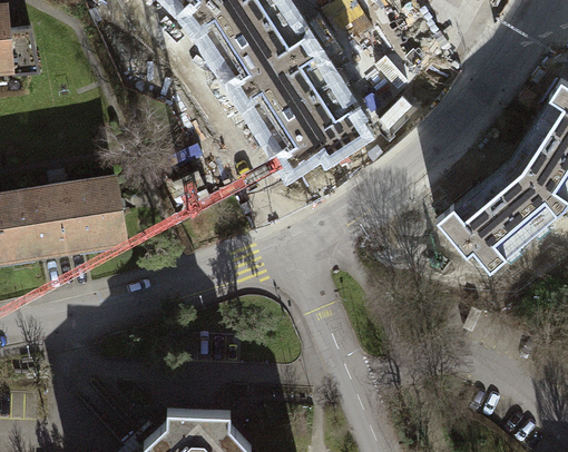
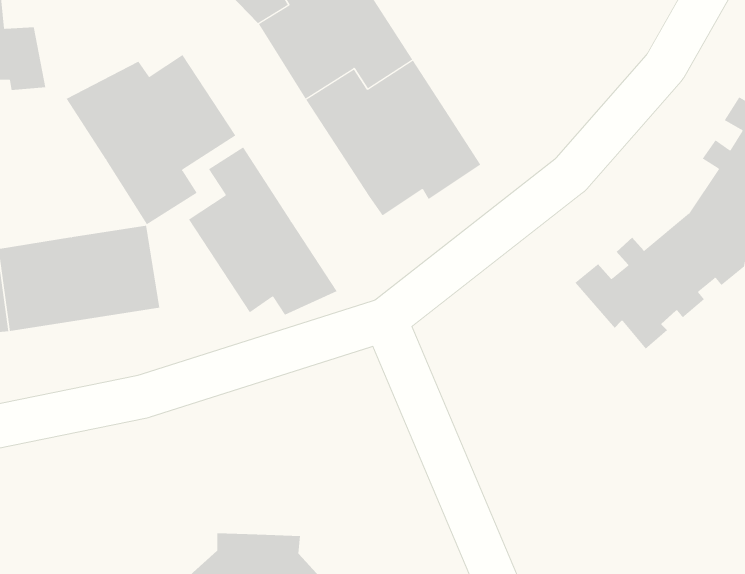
building: none -> [66,54,236,225]
building: none -> [188,146,337,315]

